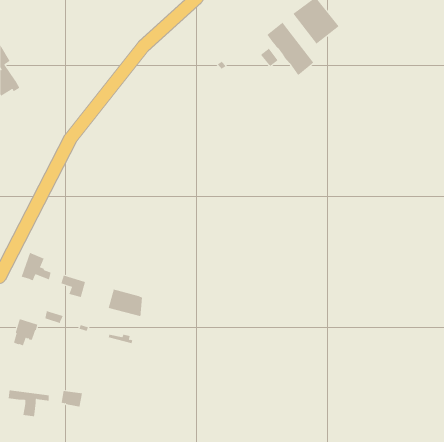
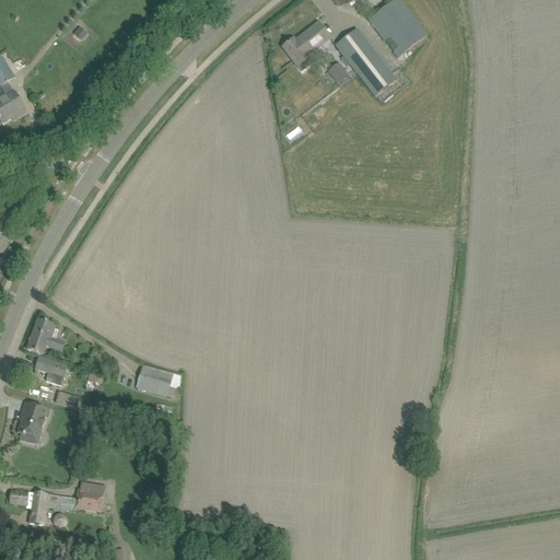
building: none -> [282,21,329,70]
building: [61,275,86,298] -> [35,355,67,384]

